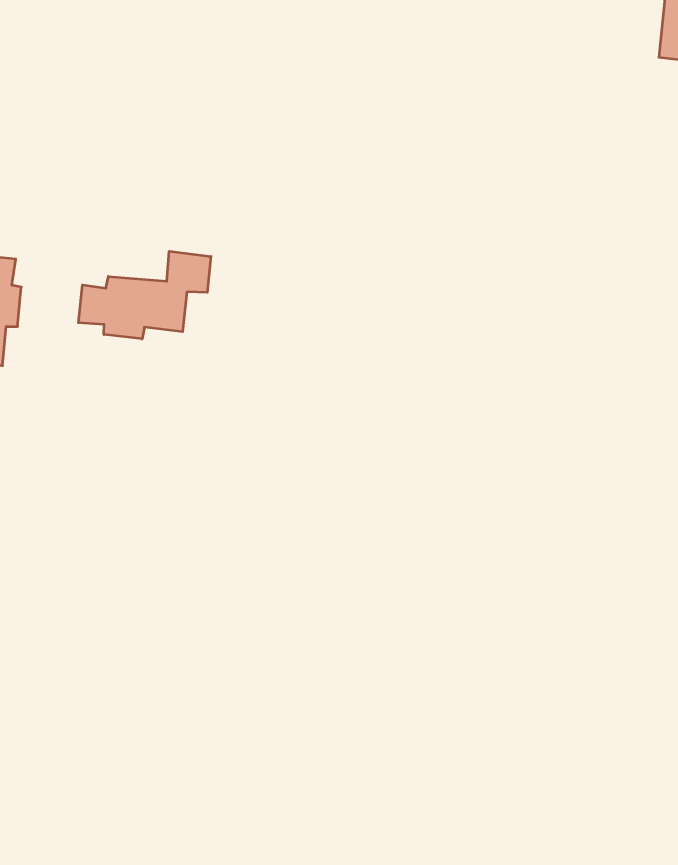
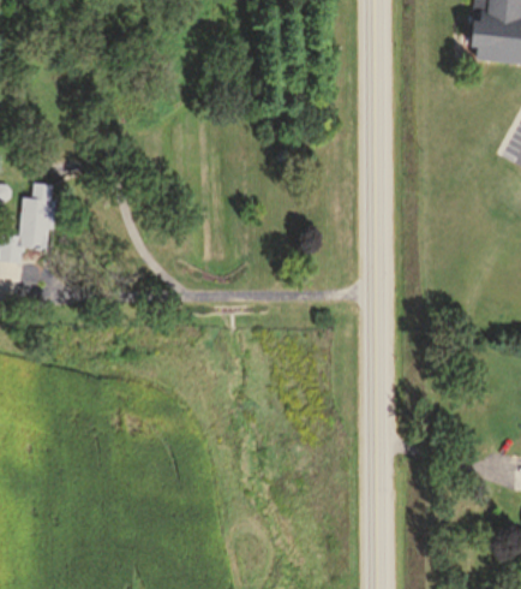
building: [78,251,211,339] -> none

